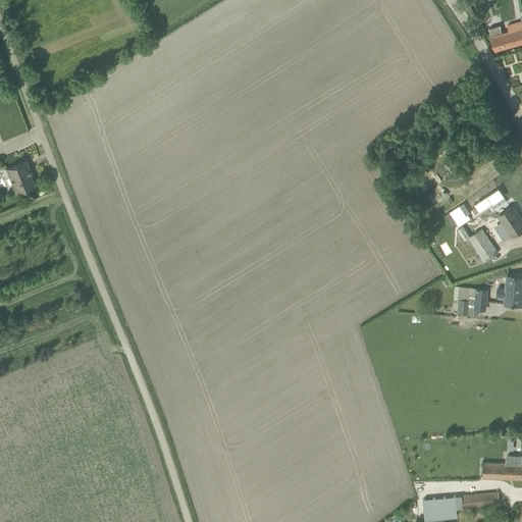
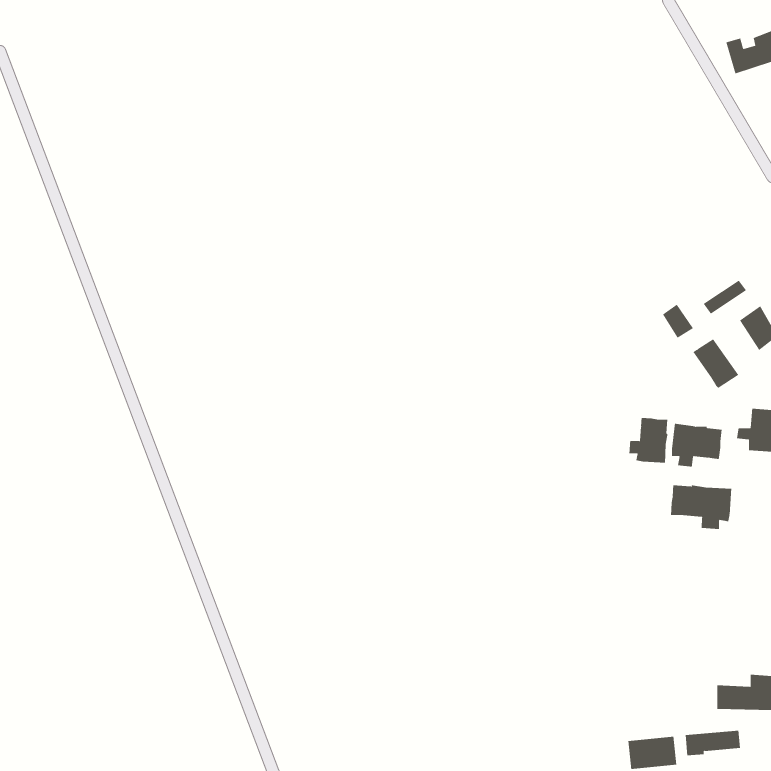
building: [7,162,34,193] -> none
building: none -> [629,417,668,463]
building: none -> [670,484,732,530]

